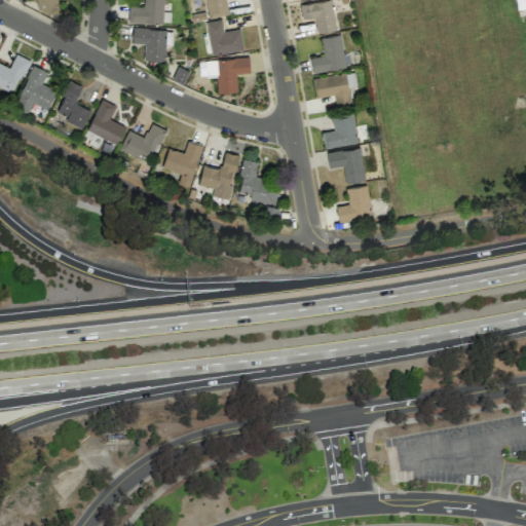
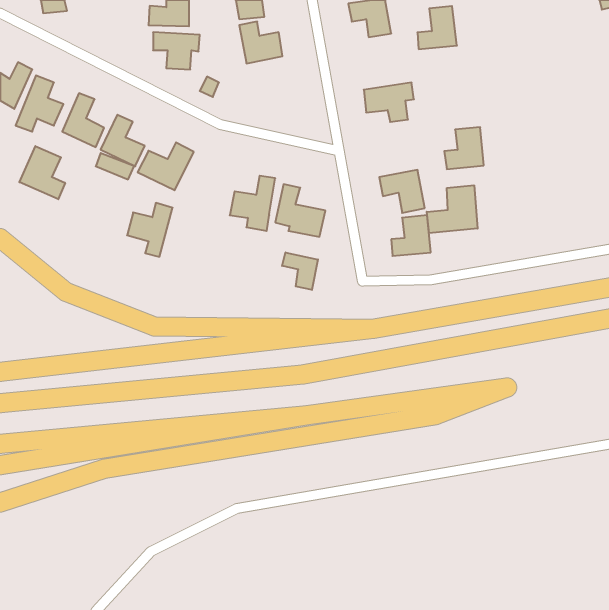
building: [312,35,346,72] -> [417,6,457,49]
building: [199,59,251,92] -> none
building: [324,112,358,148] -> [444,127,484,169]
building: none -> [19,146,65,199]
building: [163,141,202,187] -> [127,203,173,257]
building: none -> [427,185,478,233]
building: none -> [282,252,318,290]

